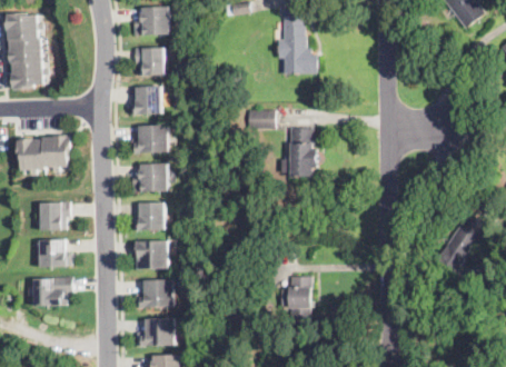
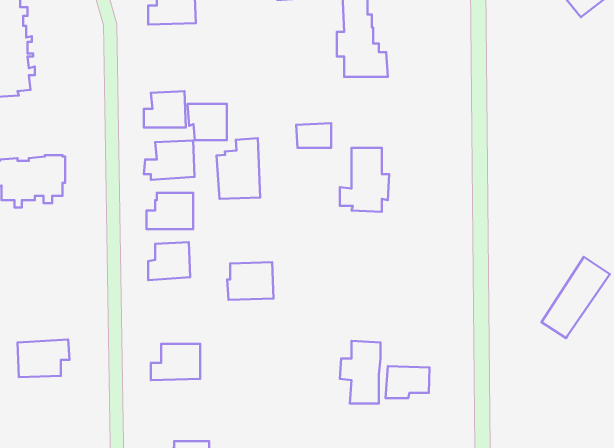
building: [135,47,165,75] -> [188,104,227,140]
building: none -> [217,138,260,199]
building: [40,200,70,229] -> none
building: [39,238,72,267] -> none
building: [133,240,169,269] -> [227,262,274,300]
building: none -> [386,366,430,398]
building: [137,317,175,345] -> none

